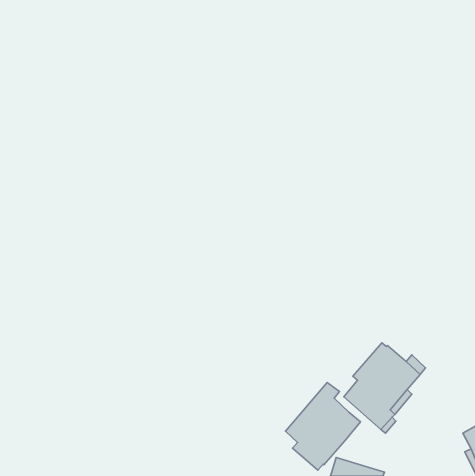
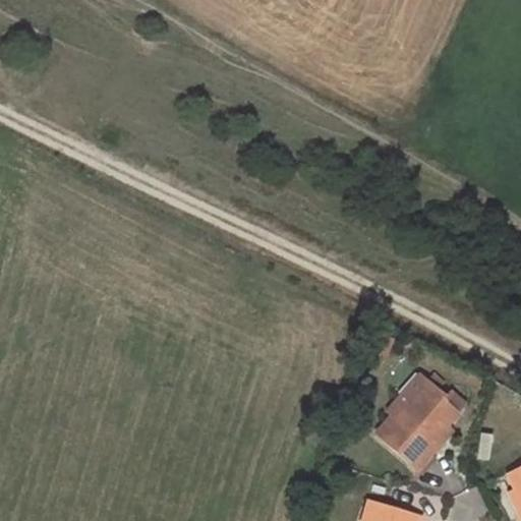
building: [285,382,360,470] -> none

